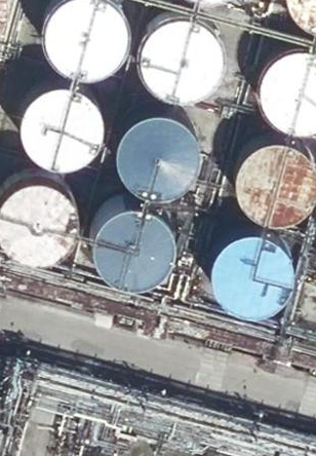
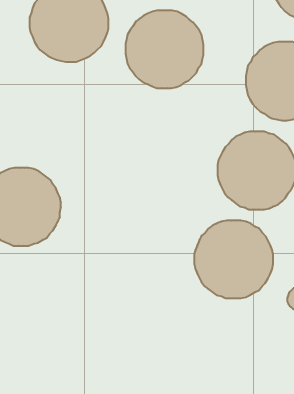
building: [19,88,100,168] -> none
building: [117,113,197,193] -> none
building: [91,205,171,286] -> none

